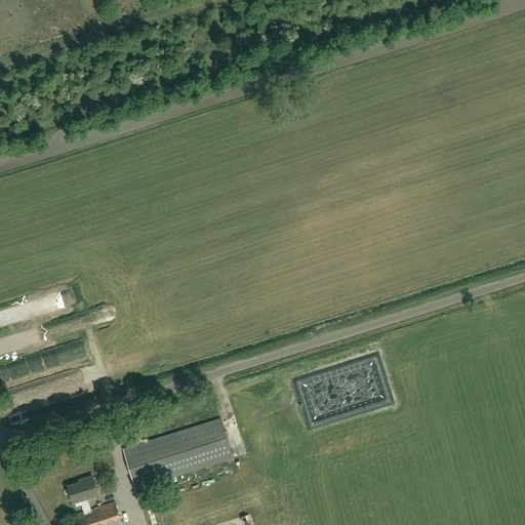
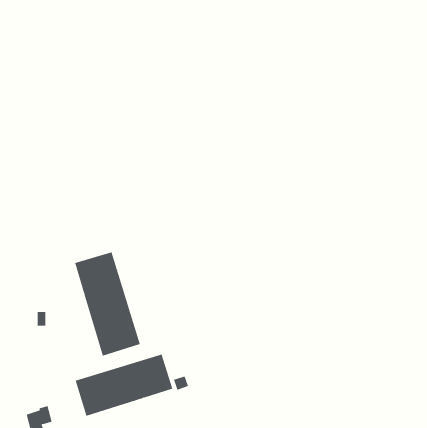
building: none -> [74,251,141,356]

